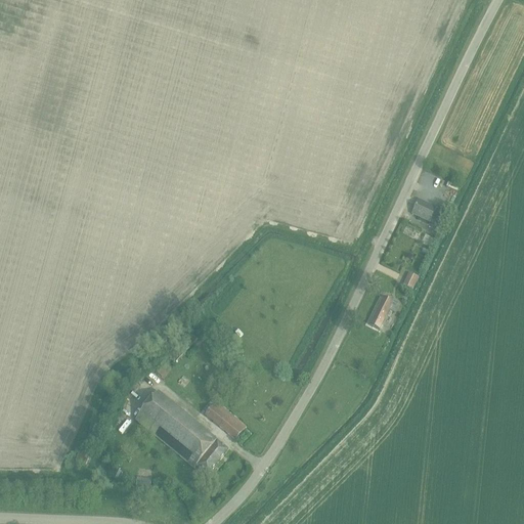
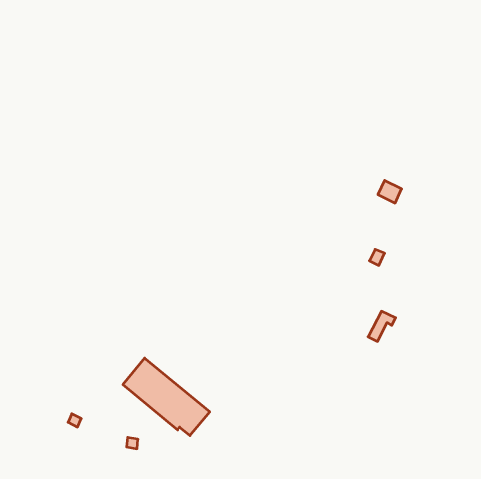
building: [367,295,397,328] -> [368,311,396,341]
building: [204,399,245,437] -> none

